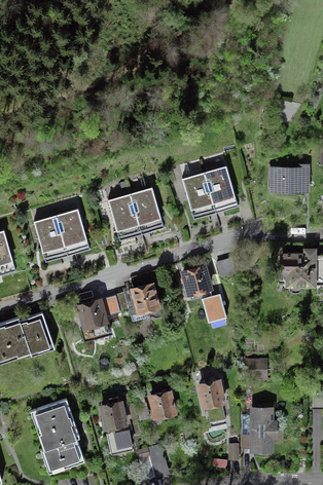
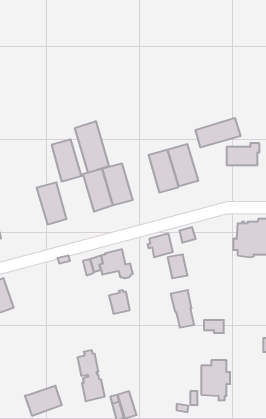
building: none -> [195,118,240,147]
building: none -> [75,121,109,173]
building: [33,215,67,262] -> [52,139,82,181]
building: [75,299,108,332] -> none
building: [19,312,52,355] -> none
building: [199,380,225,422] -> [171,290,194,328]
building: [149,389,173,416] -> [109,290,130,314]
building: [33,399,78,448] -> none

